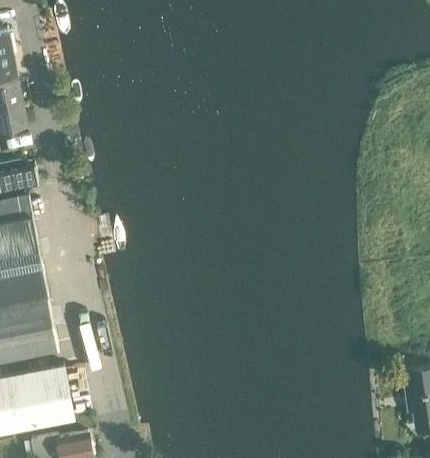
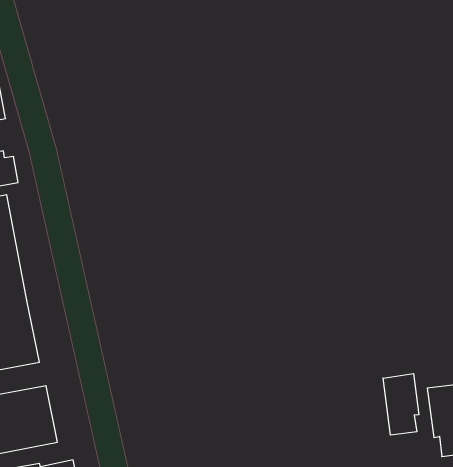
building: none -> [383,374,419,435]

